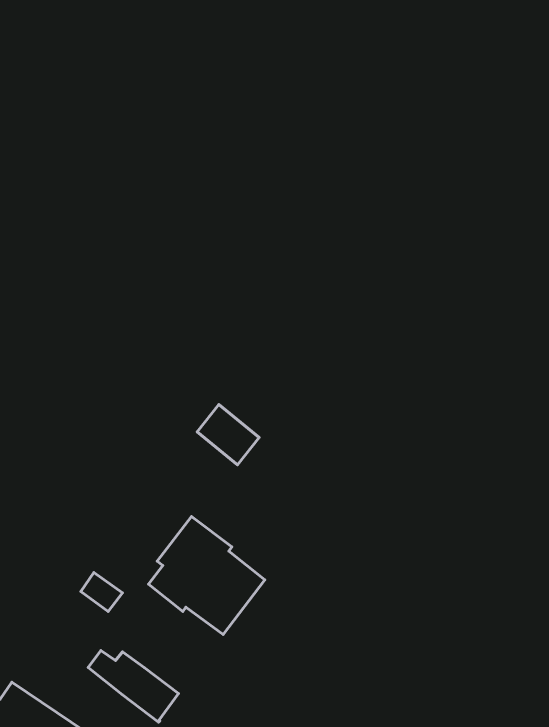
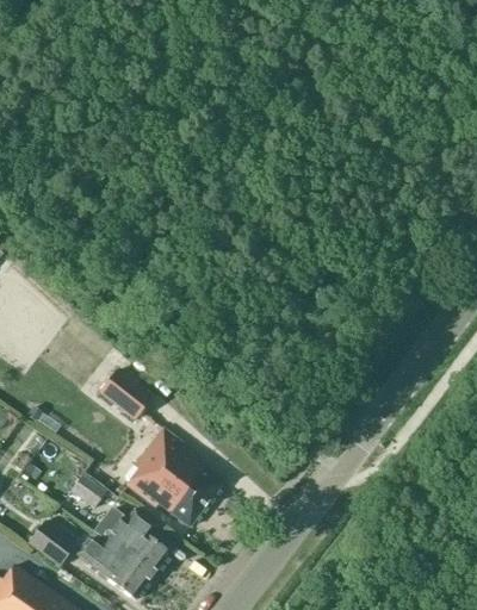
building: [197,405,259,465] -> [99,369,150,419]
building: none -> [105,510,171,575]
building: none -> [26,518,75,565]

